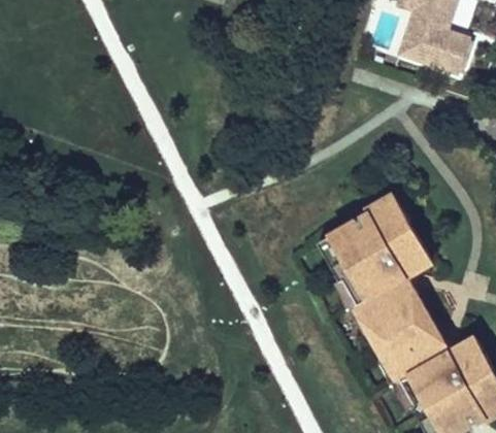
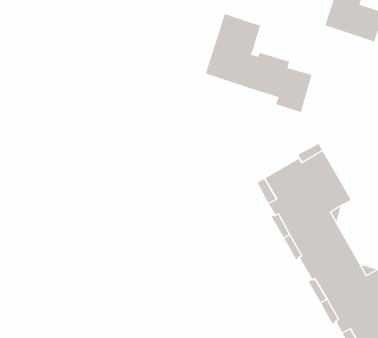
building: none -> [205,13,312,113]

